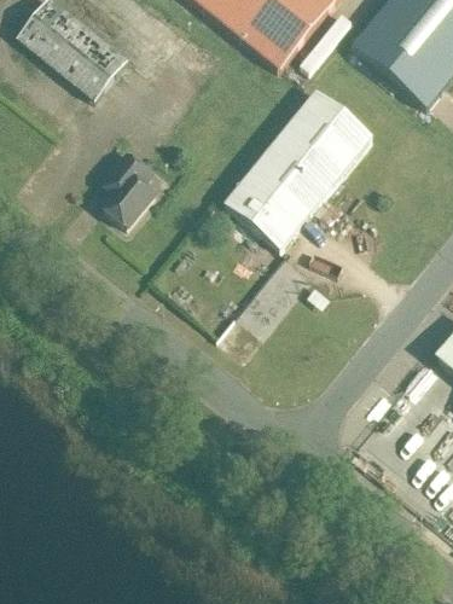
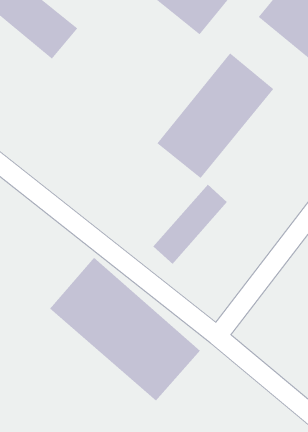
building: [104,151,155,226] -> none
building: none -> [49,257,201,401]

